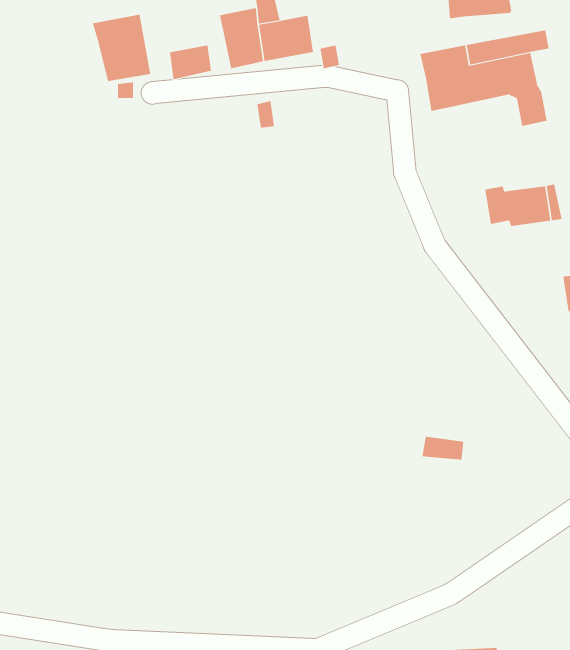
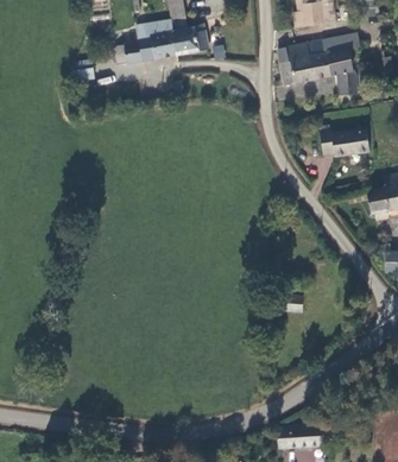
building: [92,14,151,82] -> none

